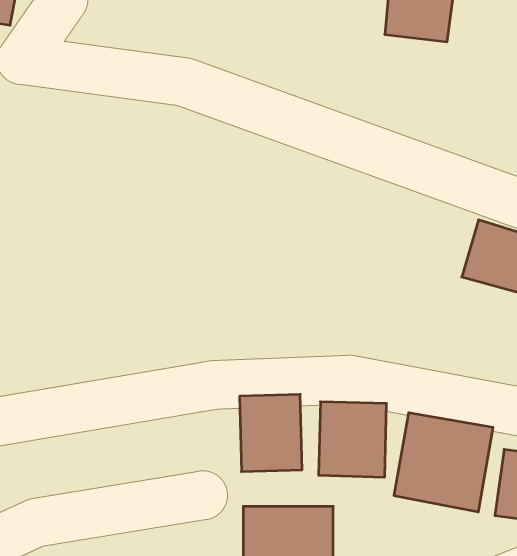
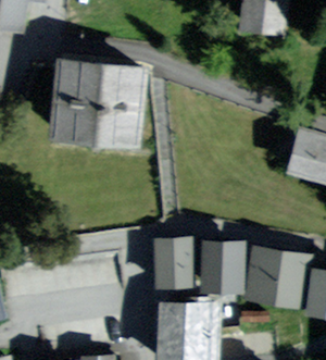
building: none -> [53,65,140,140]

